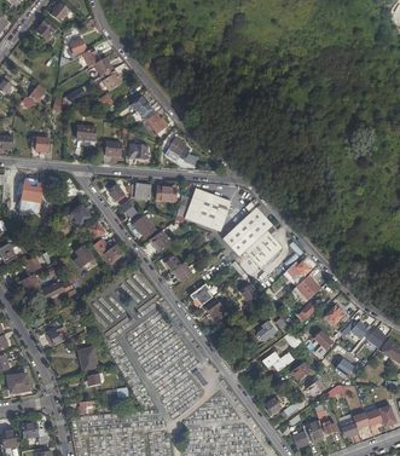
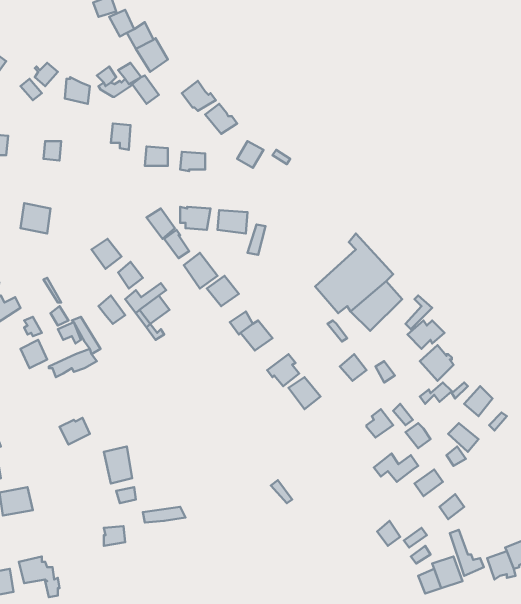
building: [184,187,230,230] -> none

